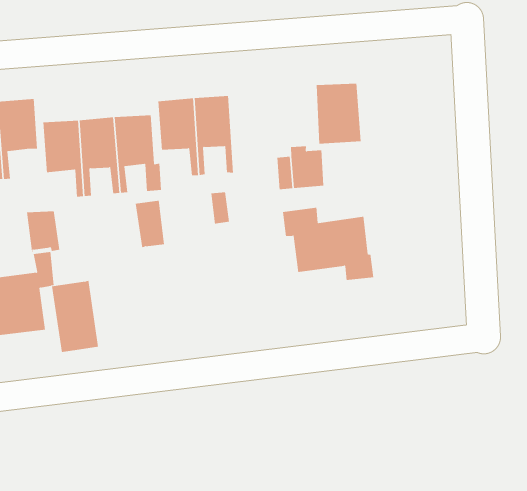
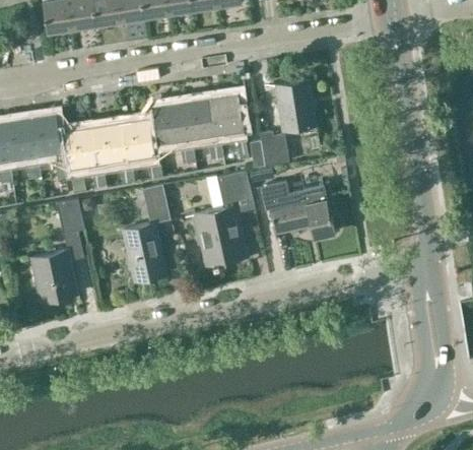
building: none -> [208,94,243,159]
building: none -> [193,173,255,267]
building: [51,280,99,353] -> [123,223,164,282]

